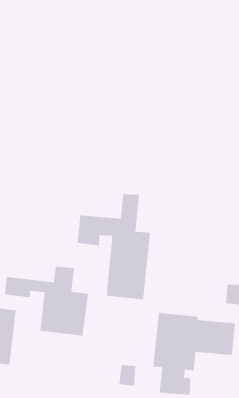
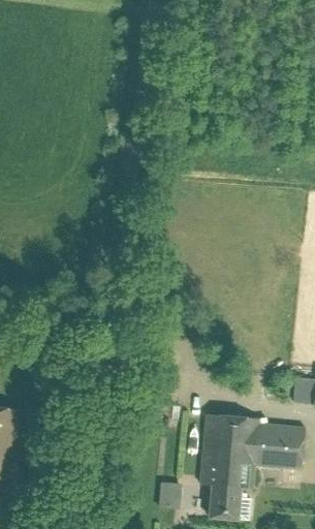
building: [77,193,150,300] -> none
building: [5,266,89,337] -> none

